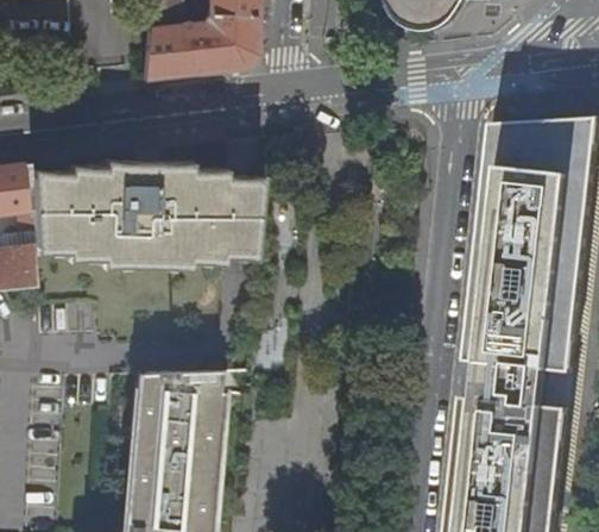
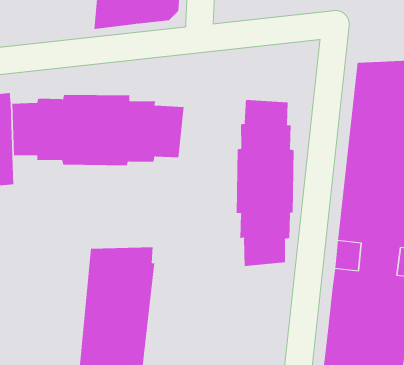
building: none -> [236,99,294,267]

